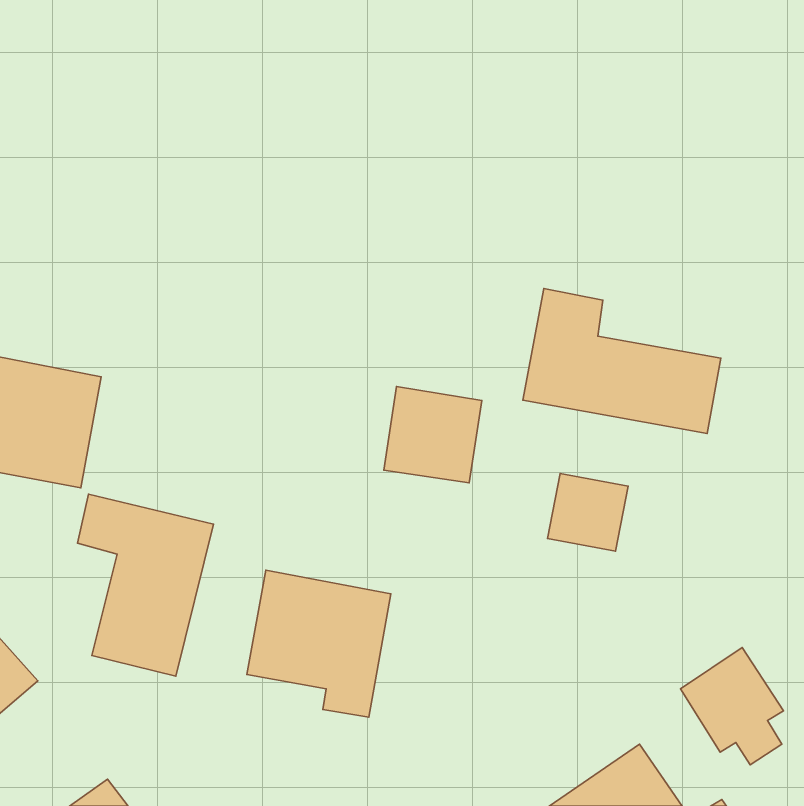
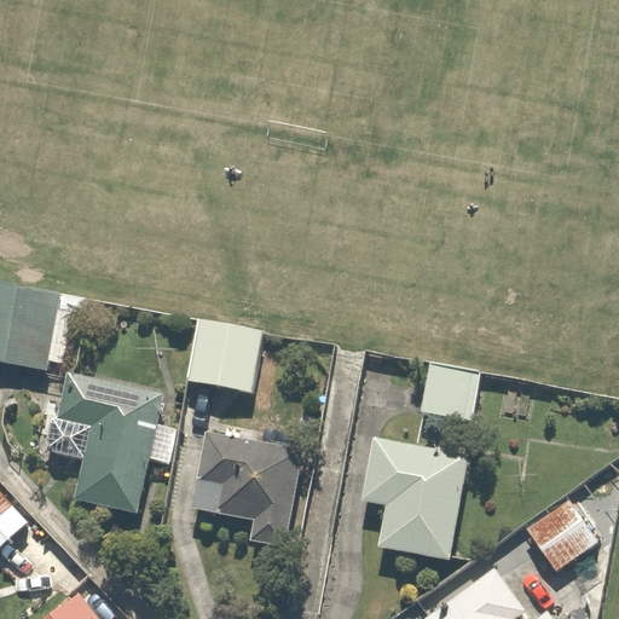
building: [523,288,721,433] -> none
building: [384,386,482,483] -> [185,316,260,389]
building: none -> [364,441,469,565]

